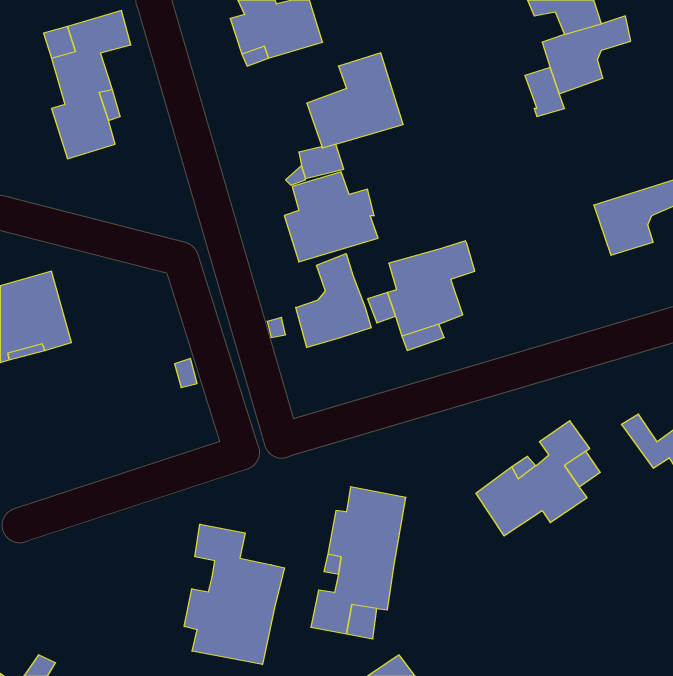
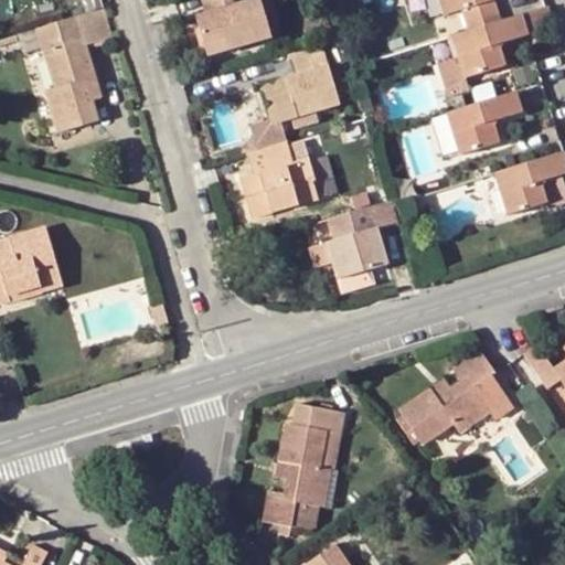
building: none -> [448,89,525,152]
building: [296,254,371,348] -> none
building: [184,524,285,665] -> none

